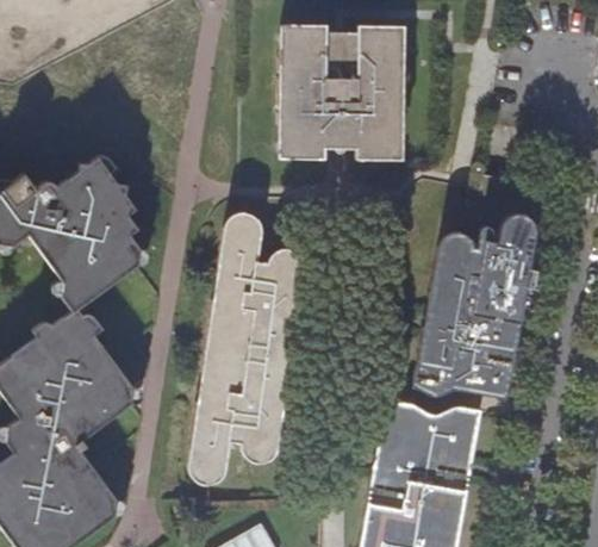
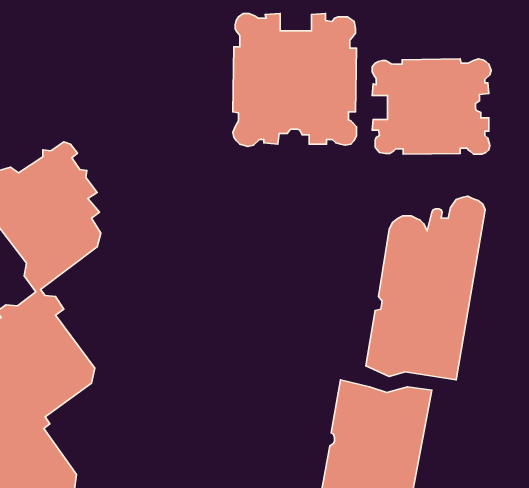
building: none -> [372,59,491,154]
building: [188,211,305,487] -> none

